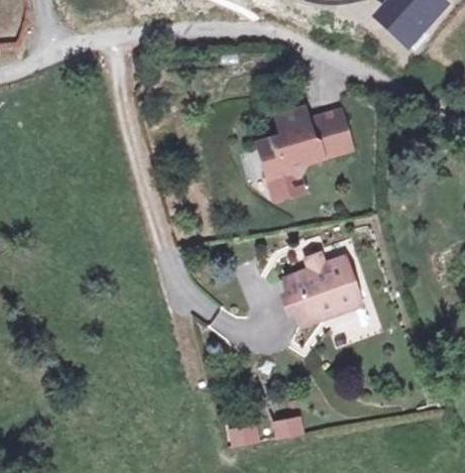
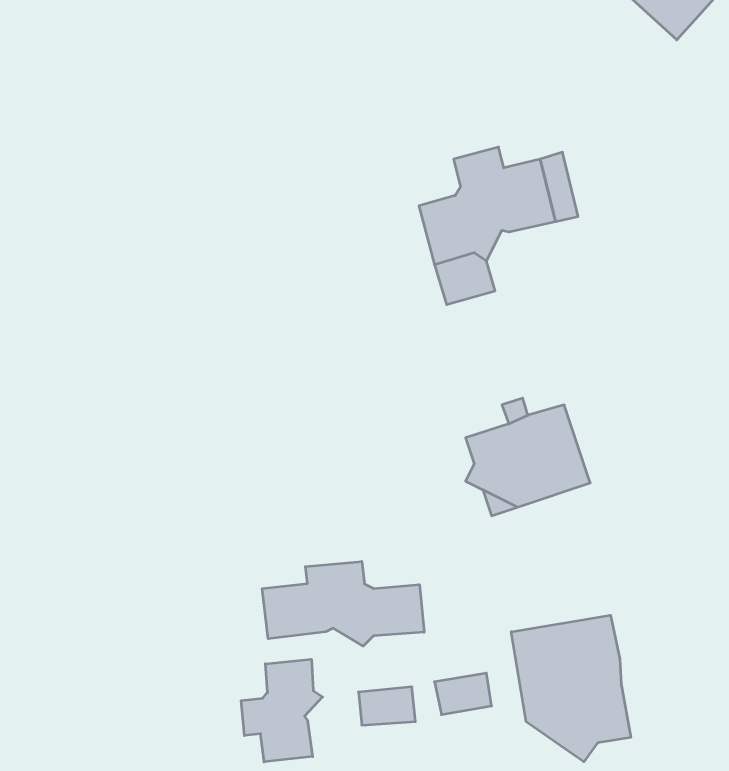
building: none -> [262,561,424,646]
building: none -> [511,615,631,762]
building: none -> [241,659,323,762]

